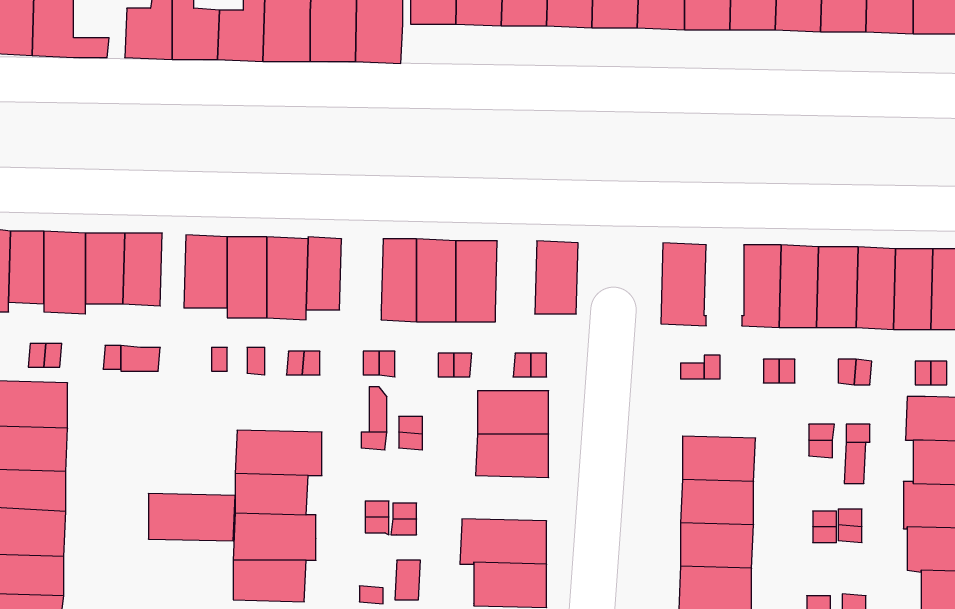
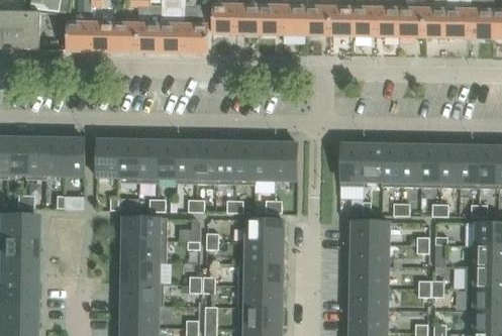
building: none -> [176,142,198,184]
building: none -> [256,143,277,181]
building: none -> [363,145,383,182]
building: none -> [352,222,389,244]
building: none -> [238,263,283,287]
building: [148,494,235,541] -> [123,217,168,241]

